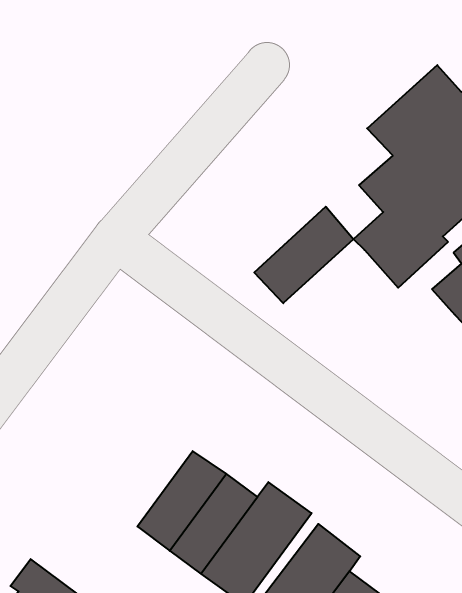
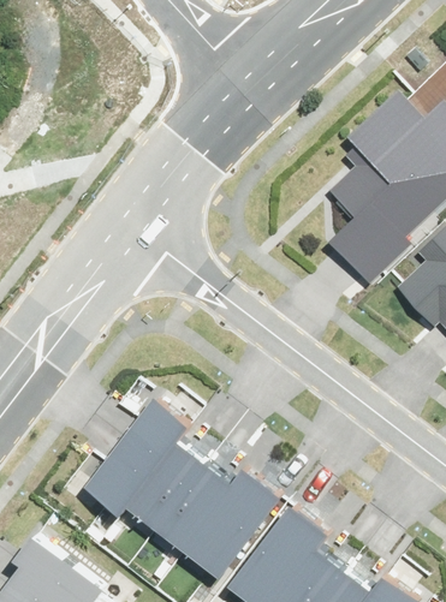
building: [254,207,354,303] -> none
building: none -> [89,392,194,511]

